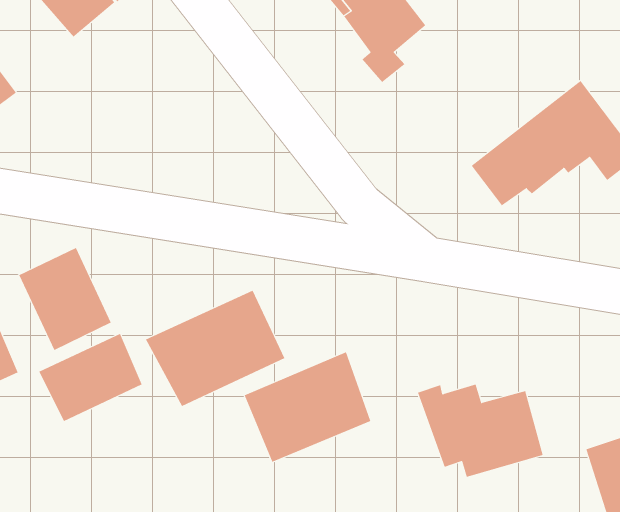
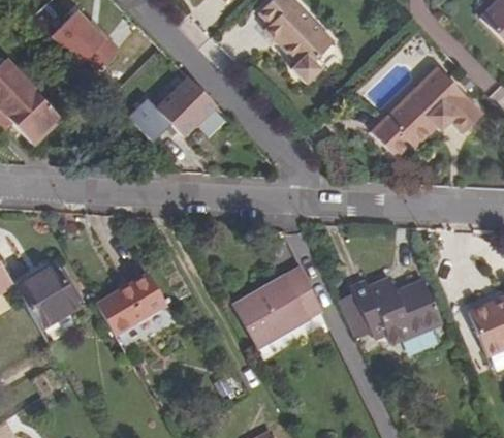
building: none -> [128,76,215,140]
building: [19,247,112,351] -> none
building: [145,290,285,407] -> none

